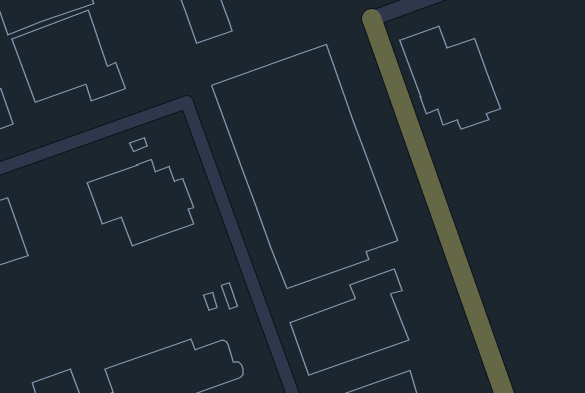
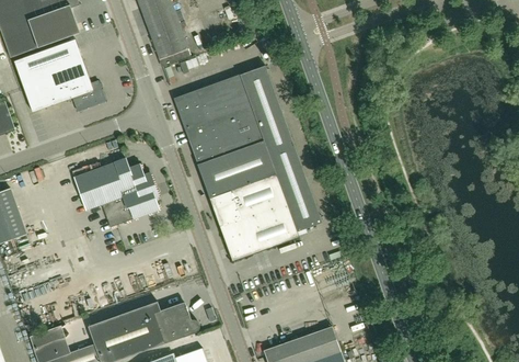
building: [400,26,500,129] -> none
building: [290,269,409,375] -> none

